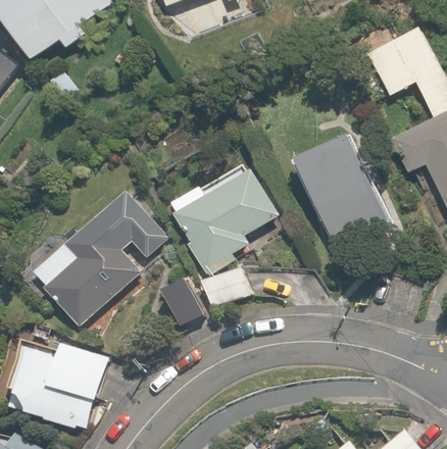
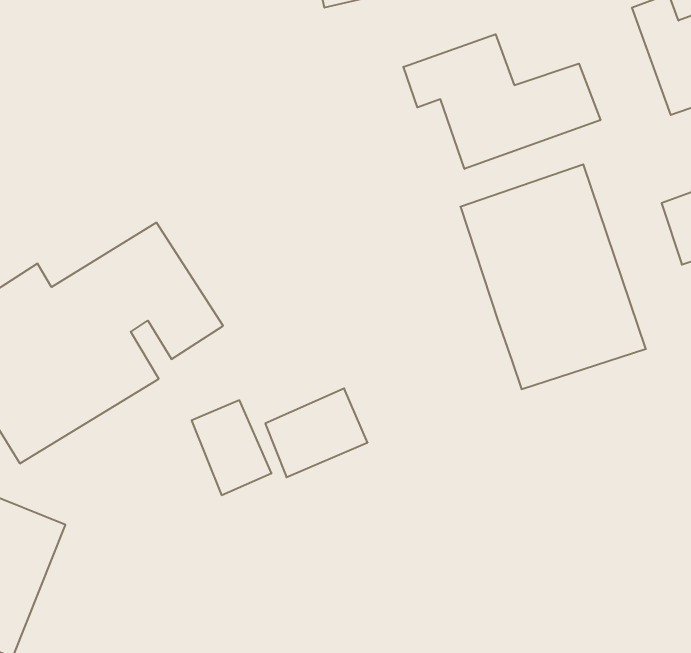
building: none -> [403,34,600,169]
building: [165,146,280,276] -> none

